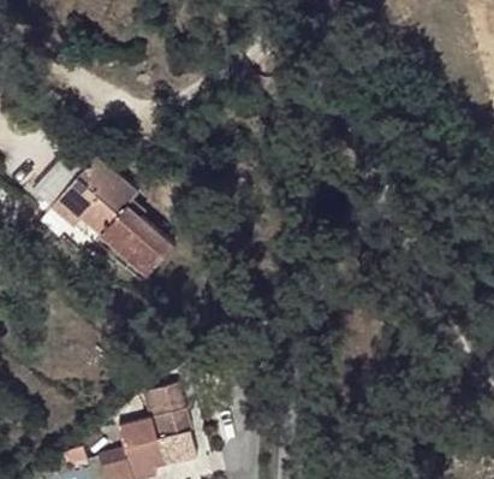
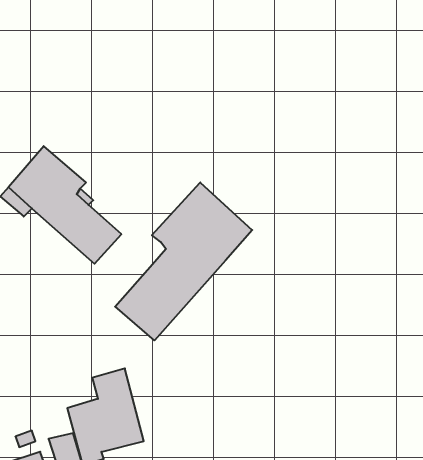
building: none -> [115,182,252,340]

